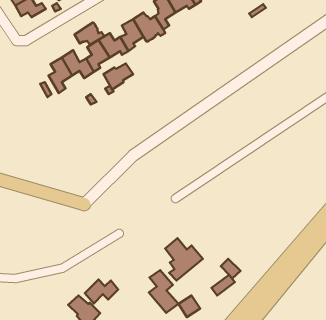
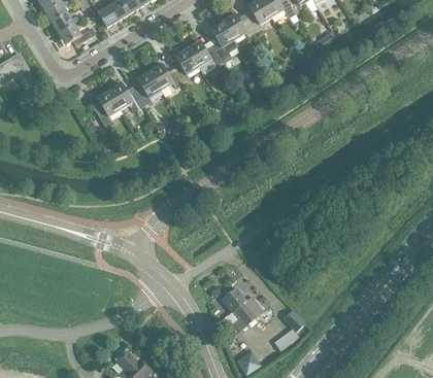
building: [74,22,104,45] -> none
building: [104,63,133,90] -> none
building: [149,270,178,313] -> none
building: [85,280,118,304] -> none

